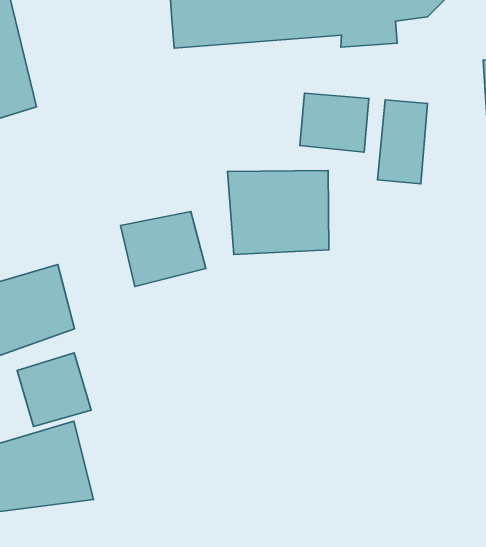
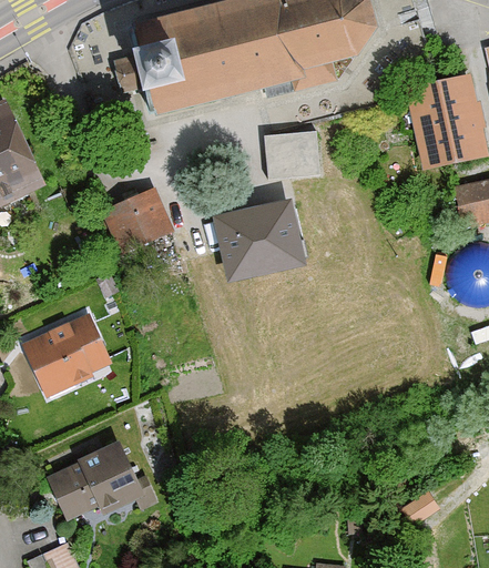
building: [377,100,428,184] -> none
building: [120,211,206,287] -> [99,186,174,255]
building: [17,353,91,426] -> none

